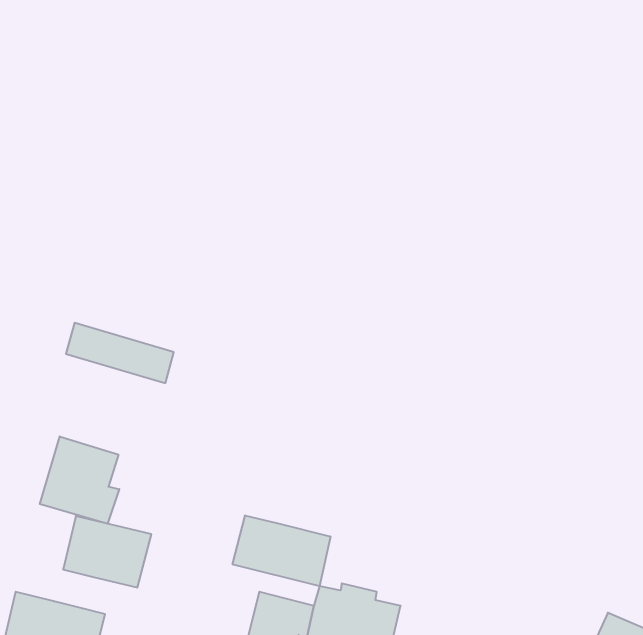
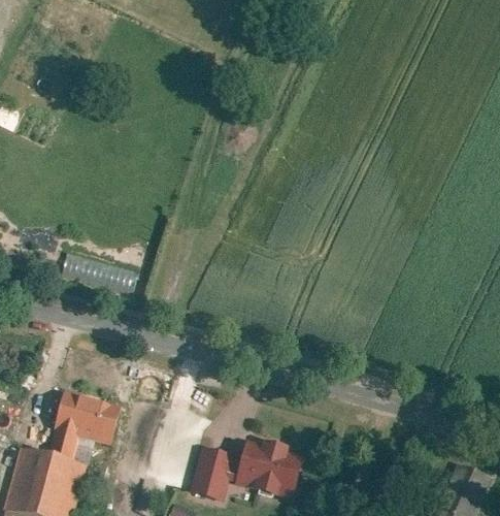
building: [40,436,119,524] -> none
building: [233,515,330,586] -> none
building: none -> [49,431,76,460]

